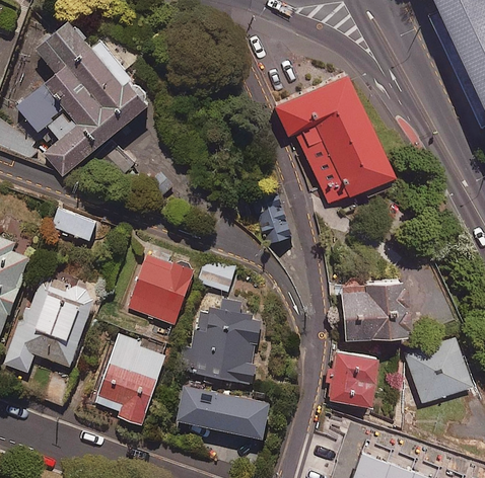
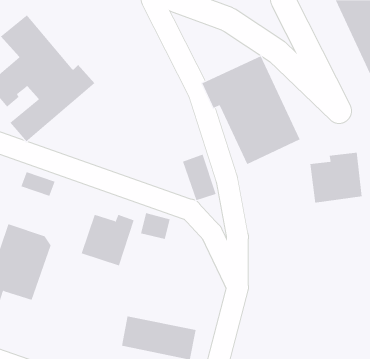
building: [338,276,402,338] -> [310,152,362,203]
building: [181,299,262,384] -> none
building: [95,334,164,426] -> none
building: [406,336,473,403] -> none
building: [328,351,374,404] -> none

